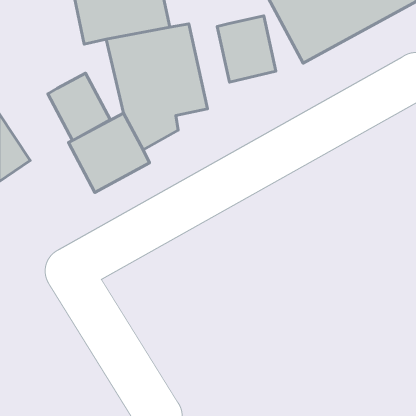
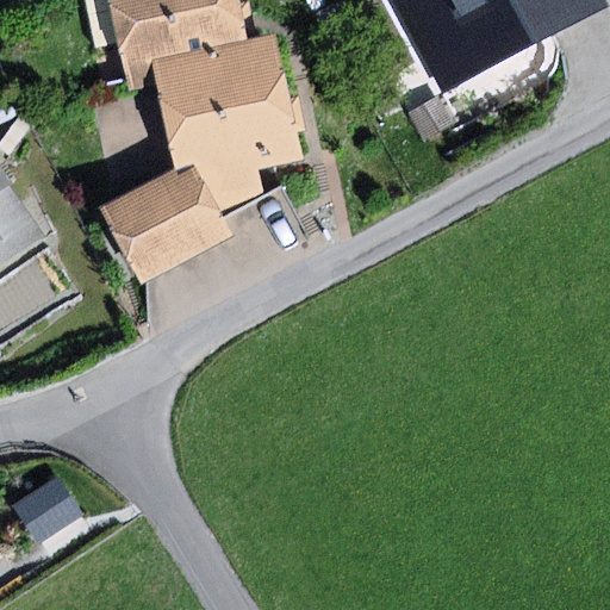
building: [217,16,276,82] -> none
building: [48,73,110,140] -> none

